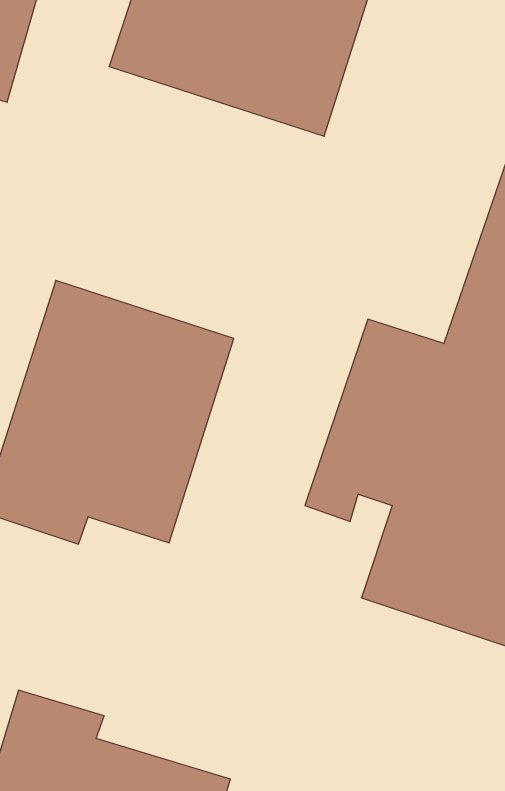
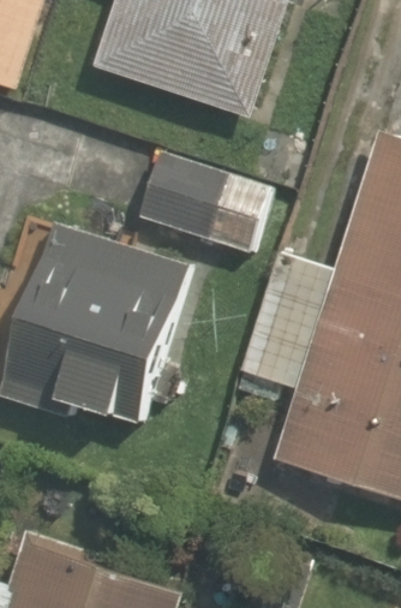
building: none -> [137,153,270,255]

